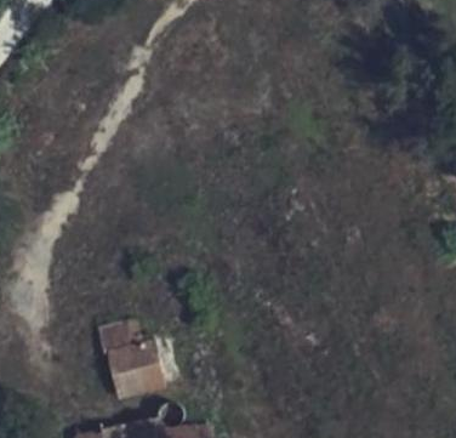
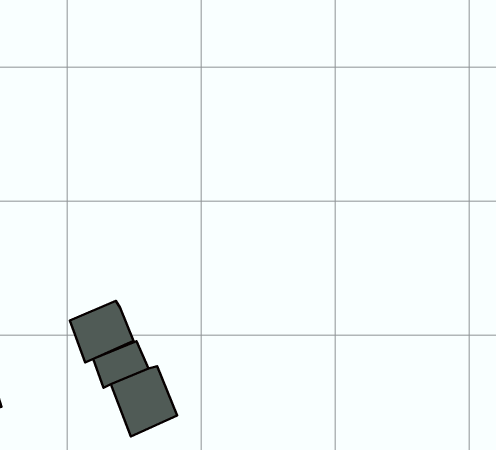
building: none -> [70,301,134,362]

